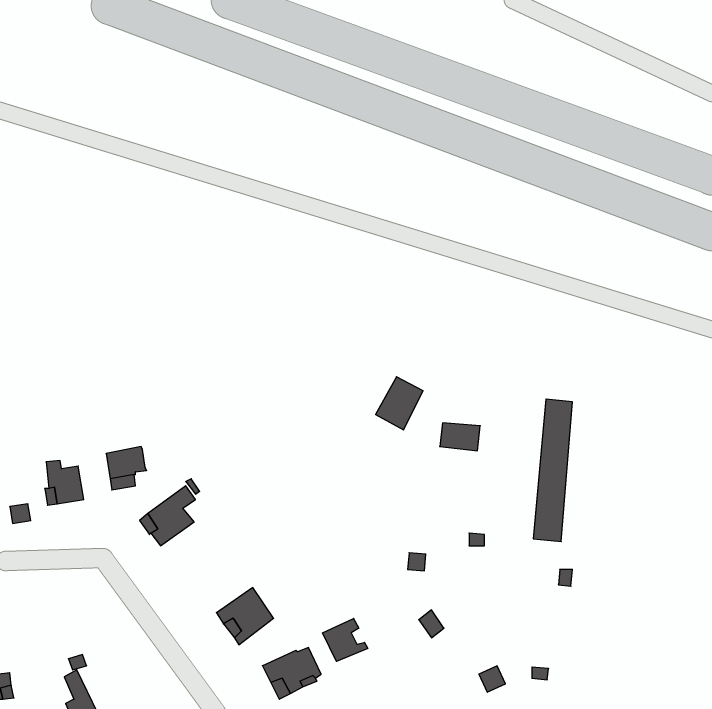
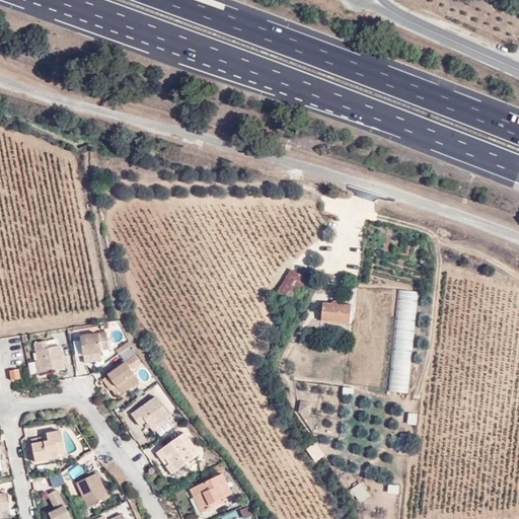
building: none -> [133,392,173,428]
building: none -> [30,430,65,462]
building: [323,618,368,661] -> none
building: none -> [77,474,108,508]

